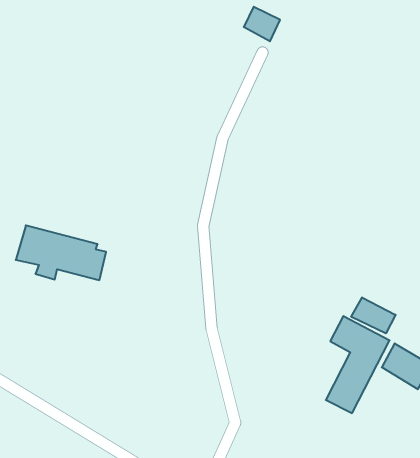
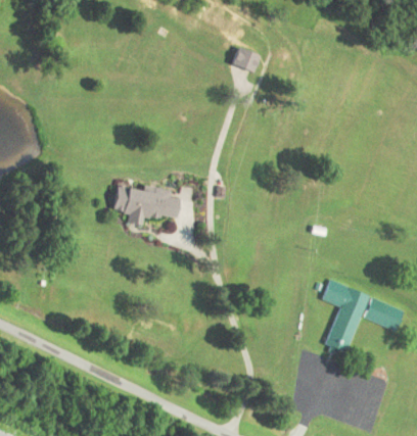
building: [16,225,106,280] -> [110,184,180,224]
building: [351,297,396,333] -> none

